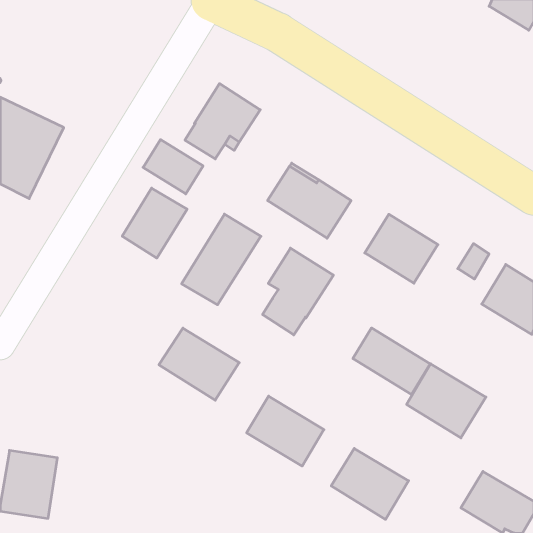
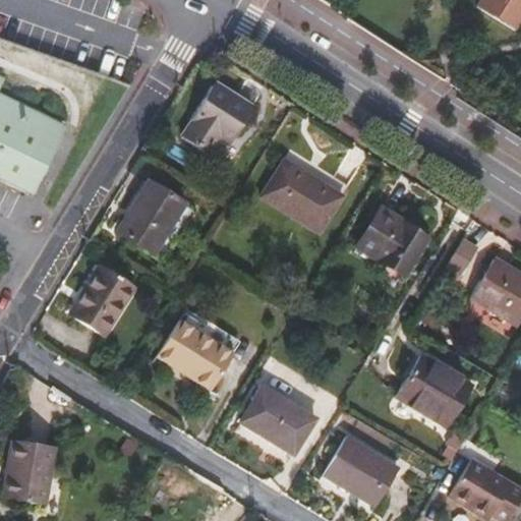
building: [143,140,203,194] -> none
building: [182,214,261,305] -> none
building: [263,248,333,335] -> none
building: none -> [70,266,134,335]
building: [353,328,430,394] -> none

